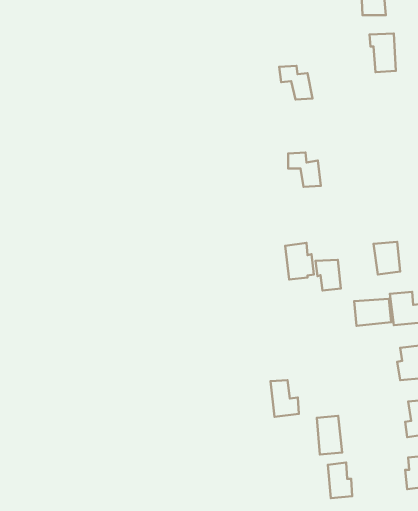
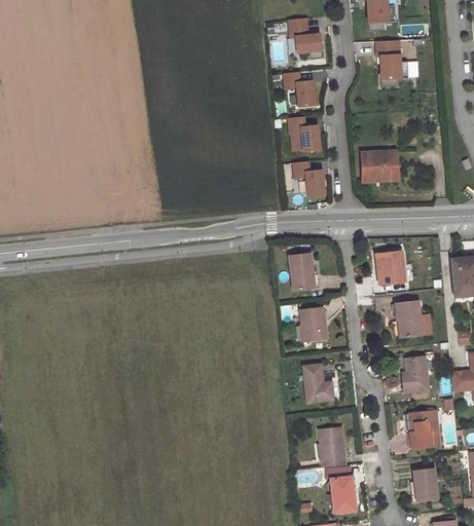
building: none -> [289,18,322,54]
building: none -> [289,118,321,151]
building: none -> [361,151,397,182]
building: [315,260,341,290] -> [299,308,325,339]
building: [354,299,391,326] -> none
building: [270,380,299,417] -> [305,365,334,402]

